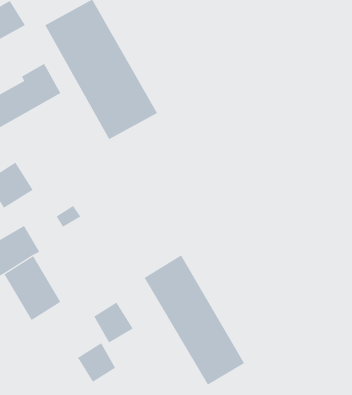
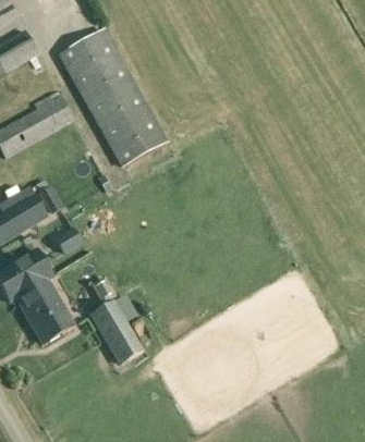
building: [144,255,245,386] -> none
building: [77,342,116,382] -> [90,299,129,339]

